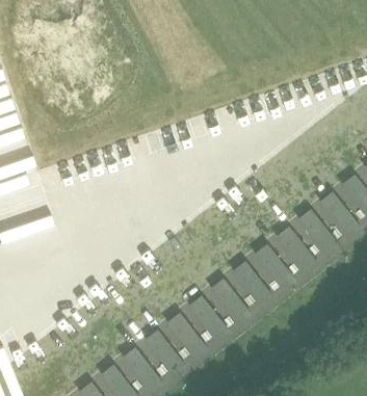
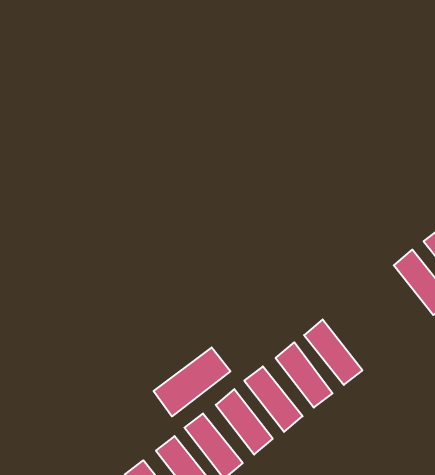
building: [295,214,338,261] -> none
building: [274,231,317,278] -> none
building: none -> [154,347,230,416]

